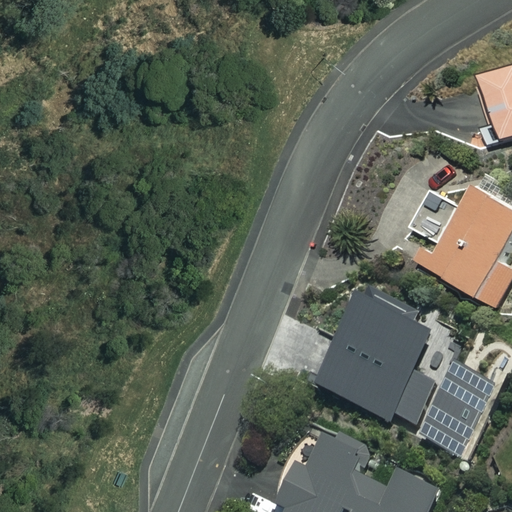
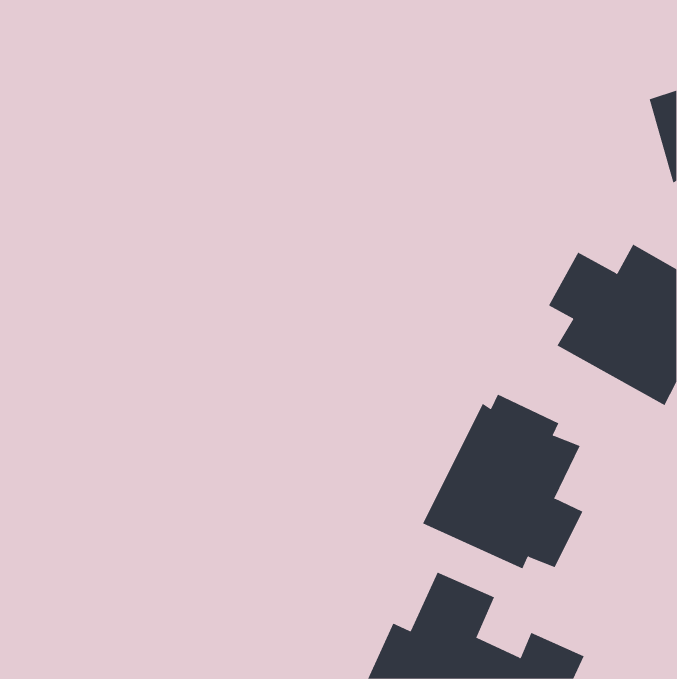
building: [419,364,489,454] -> none

